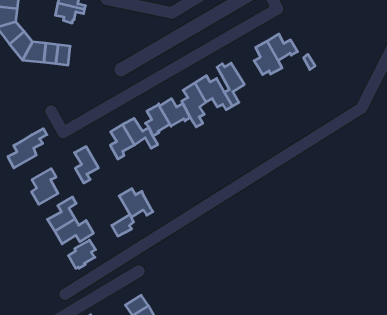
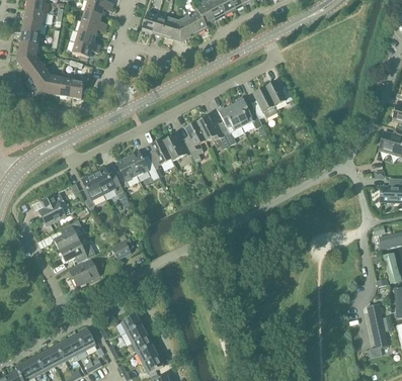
building: none -> [231,96,262,127]
building: [8,129,47,168] -> none
building: [119,189,153,217] -> [93,168,124,194]

